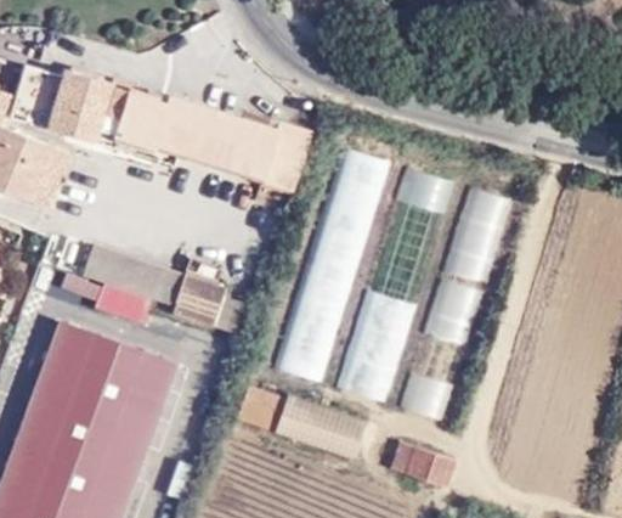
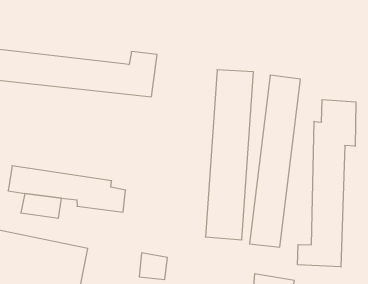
building: [271,139,383,375] -> none
building: none -> [298,100,356,267]

